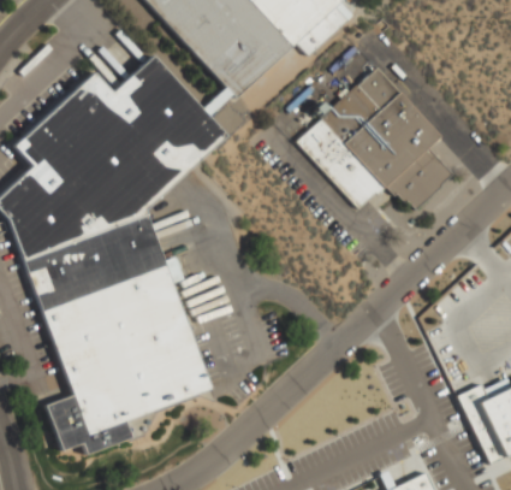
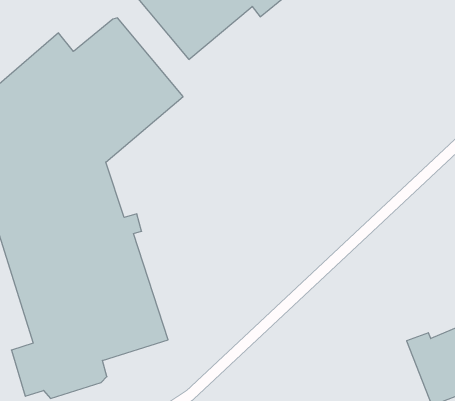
building: [297,66,453,211] -> none

